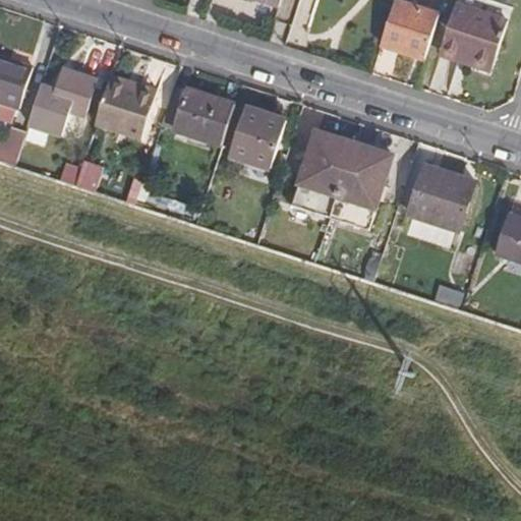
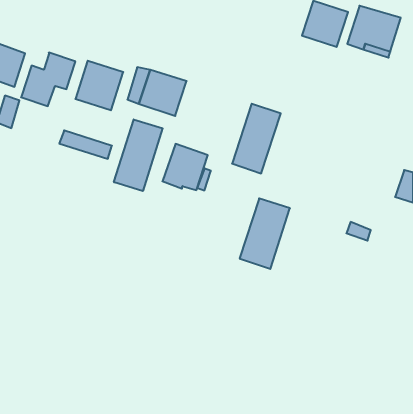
building: [228,106,285,164] -> [162,144,208,190]
building: [328,142,391,231] -> [240,198,290,269]
building: none -> [114,119,163,191]
building: [408,166,473,230] -> none

